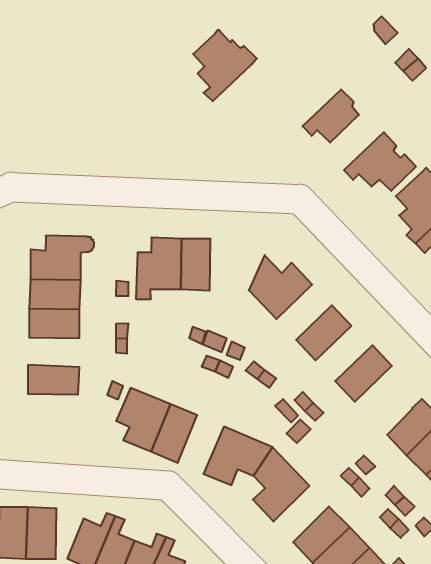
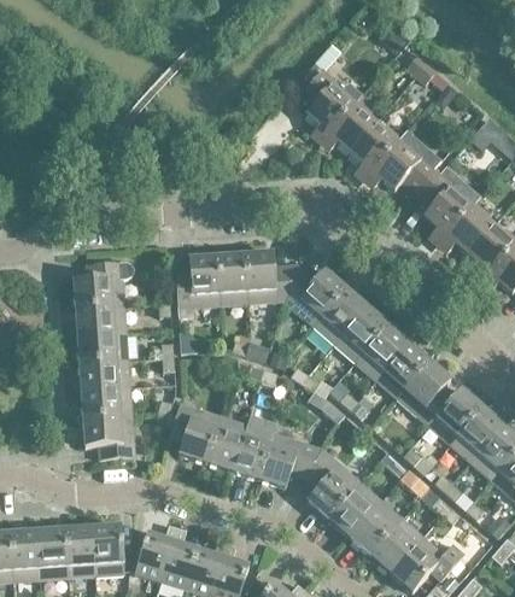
building: [193,30,257,101] -> [300,69,362,137]
building: none -> [351,122,402,176]
building: none -> [245,251,298,303]
building: none -> [315,288,367,343]
building: none -> [356,324,409,379]
building: none -> [80,359,130,390]
building: none -> [397,359,452,426]
building: none -> [83,414,135,458]
building: none -> [233,414,276,479]
building: none -> [329,481,381,537]

